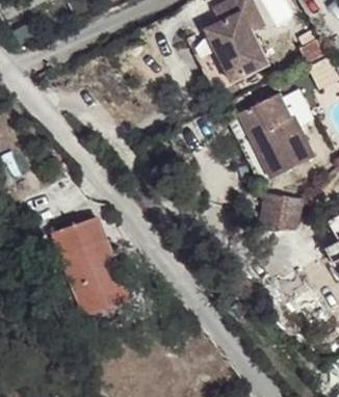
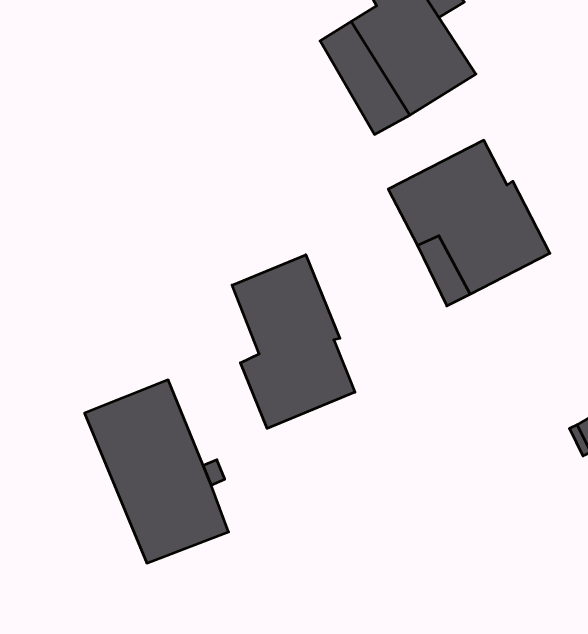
building: none -> [232,255,355,428]
building: [260,190,302,227] -> none

